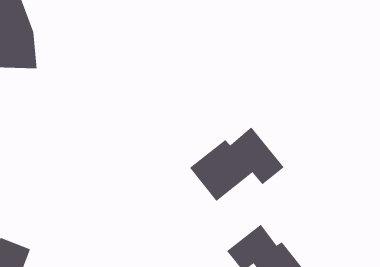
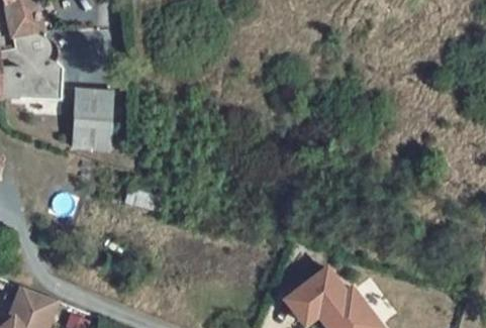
building: none -> [73,90,113,148]
building: [189,127,285,202] -> none

